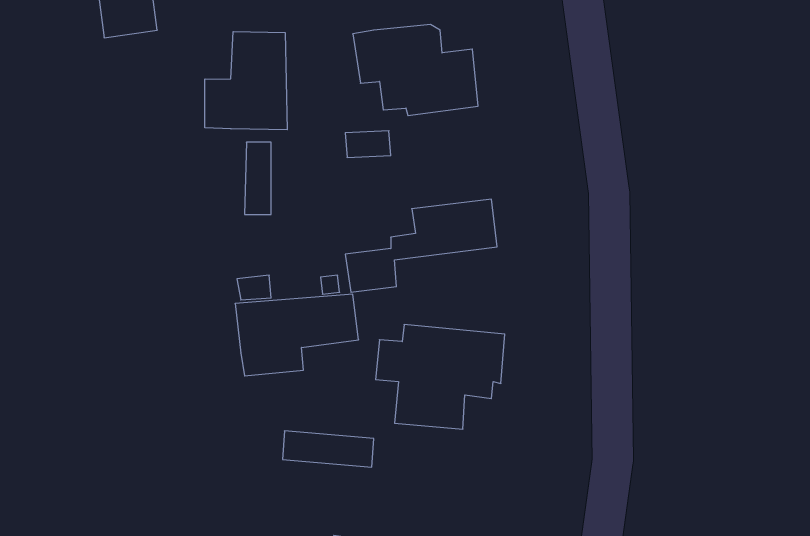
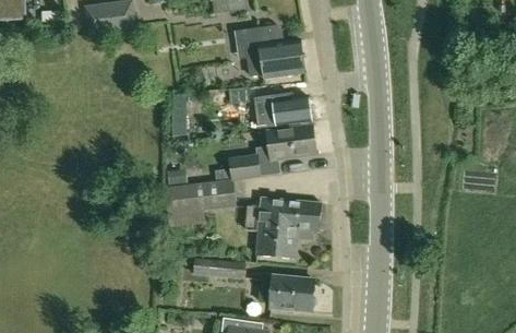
building: [205,32,287,130] -> none
building: none -> [260,93,311,128]
building: none -> [255,275,314,311]

